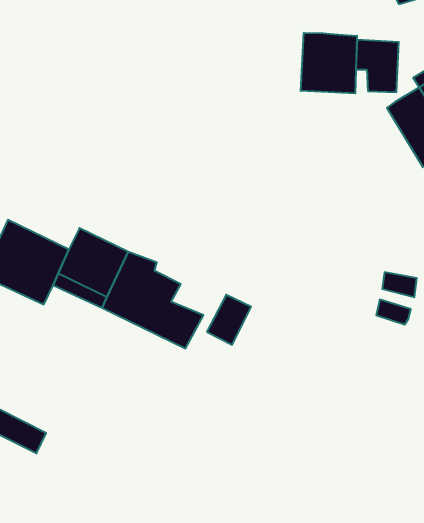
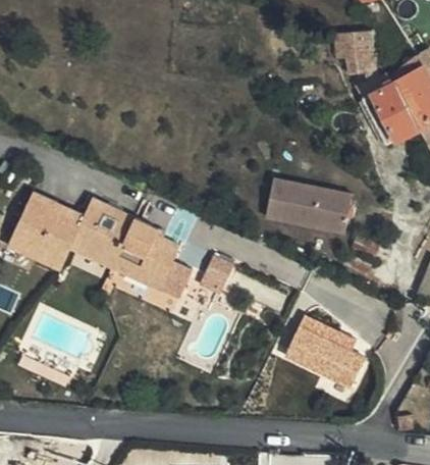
building: [301,33,357,93] -> none
building: none -> [267,177,347,230]
building: none -> [292,318,371,389]

